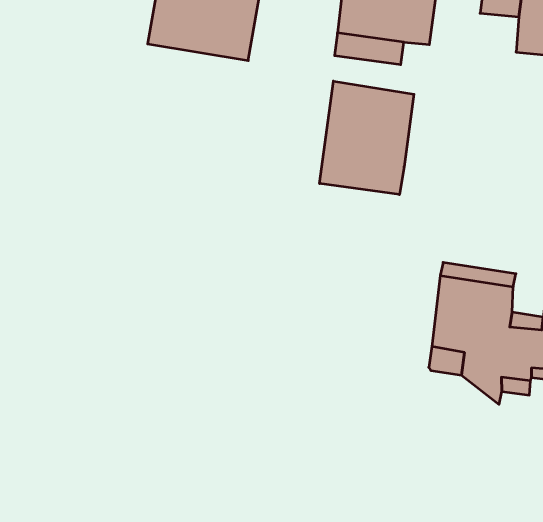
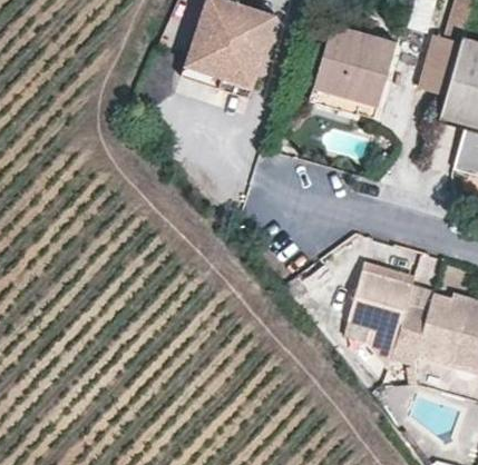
building: [320,81,414,195] -> none

